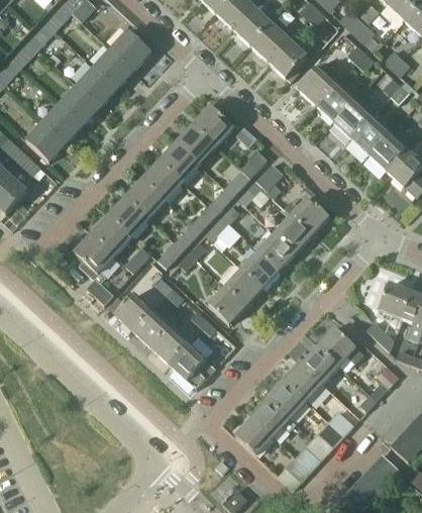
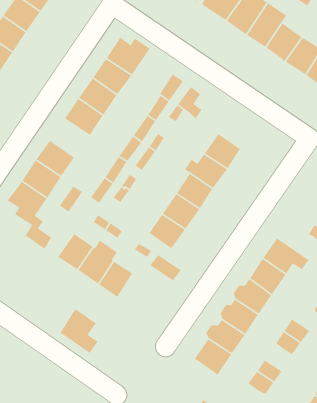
building: [124,179,165,219] -> none
building: [284,198,329,235] -> none
building: [168,342,206,390] -> [60,308,99,354]

